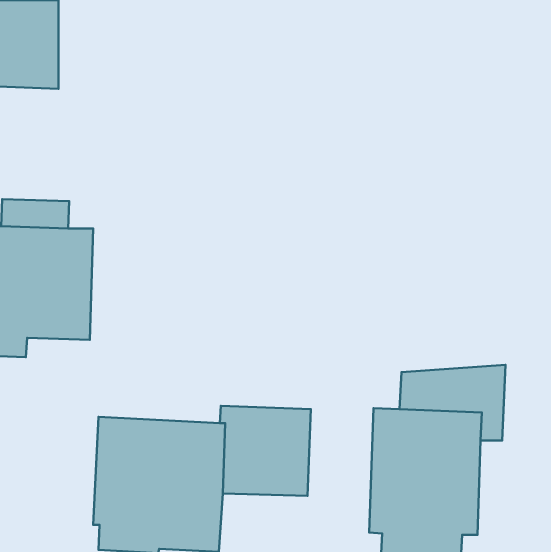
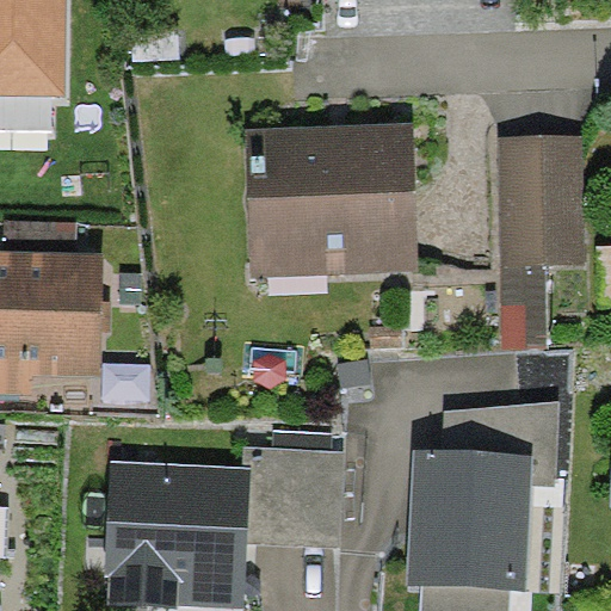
building: none -> [243,123,418,280]
building: none -> [498,136,584,351]

